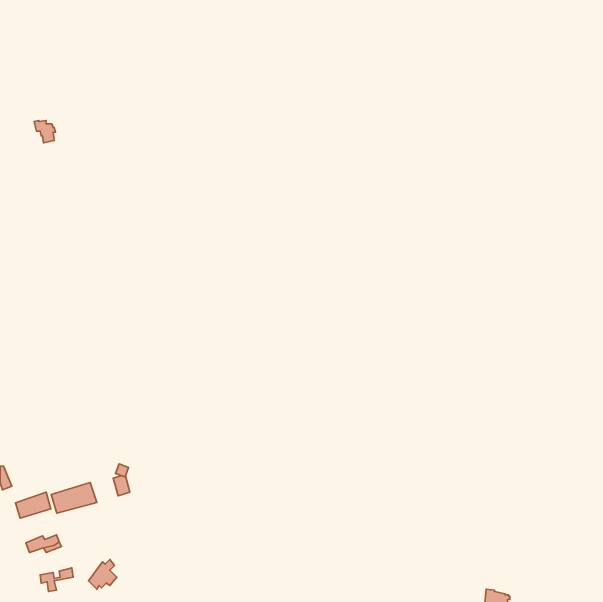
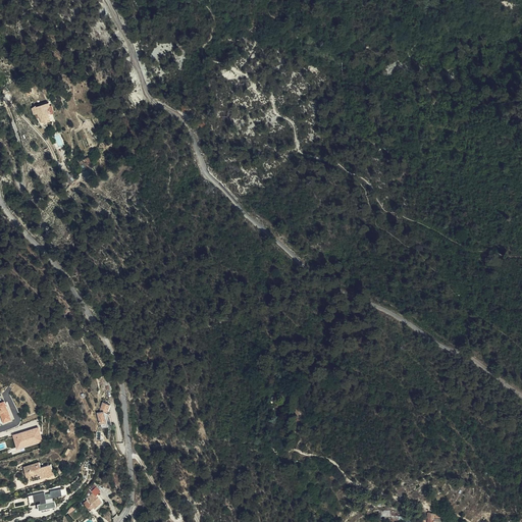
building: [51,483,97,513] -> none

